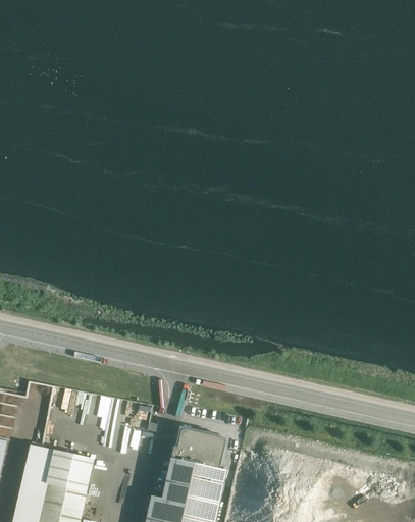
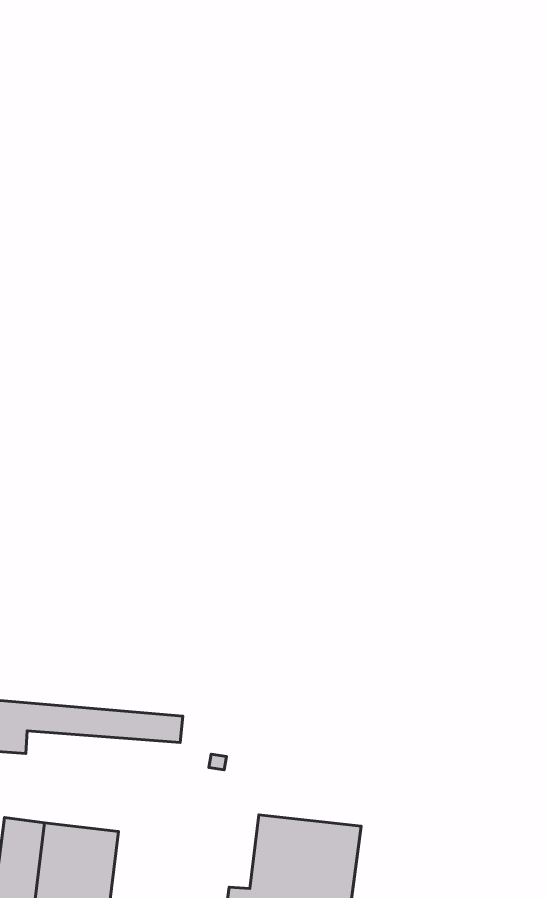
building: [170,428,231,471] -> none

